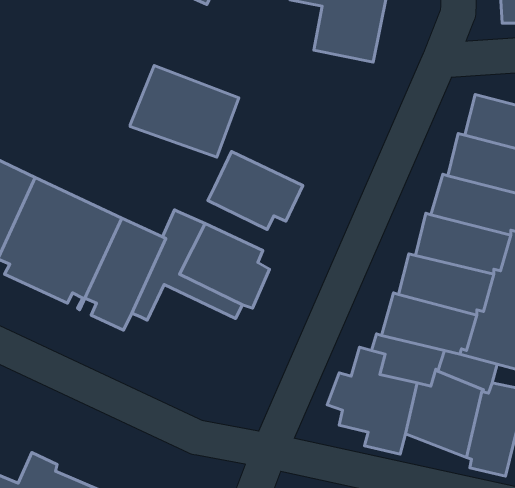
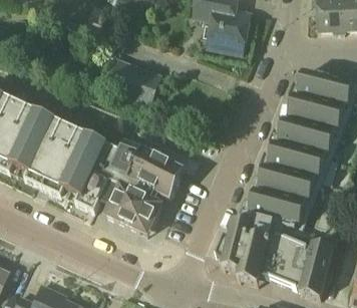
building: [208,151,303,229] -> [105,185,161,231]

